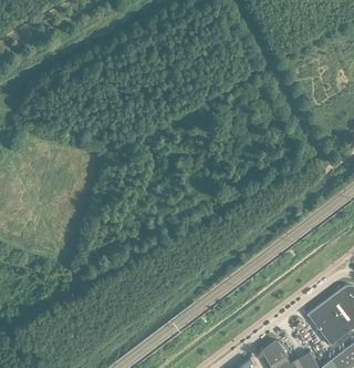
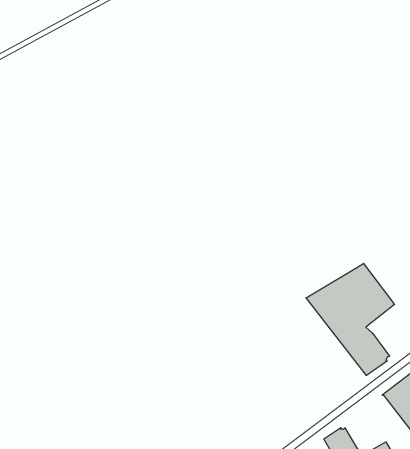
building: none -> [306,263,394,375]

